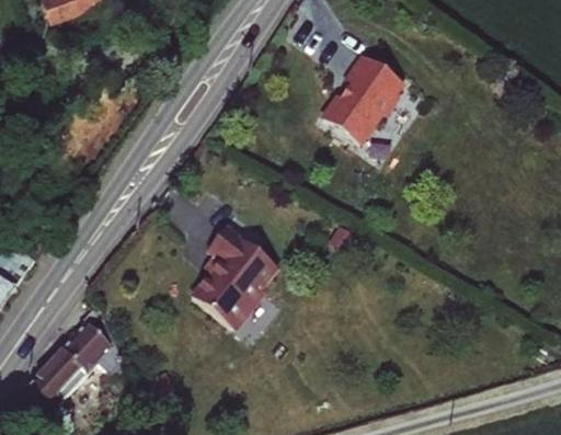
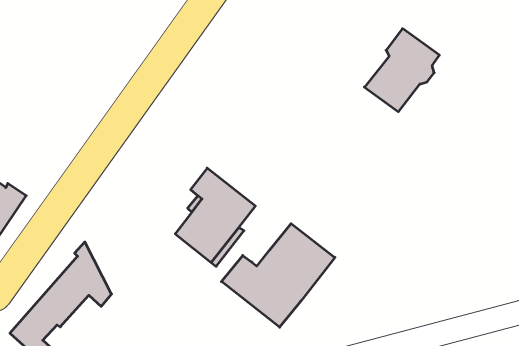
building: [323,54,403,142] -> [364,29,439,112]
building: none -> [221,224,335,327]

